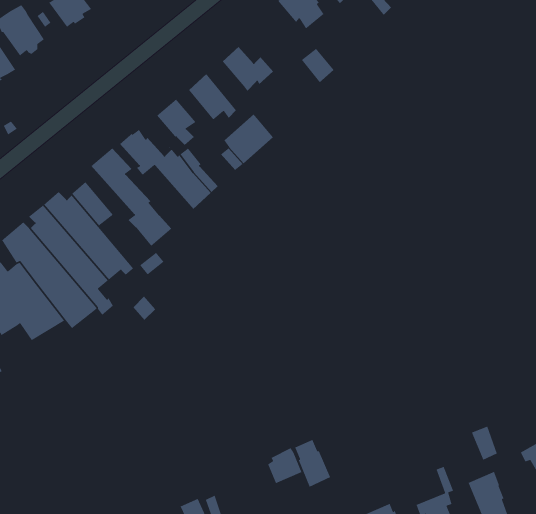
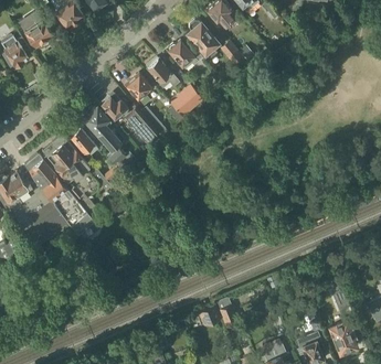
building: none -> [188,18,219,56]

